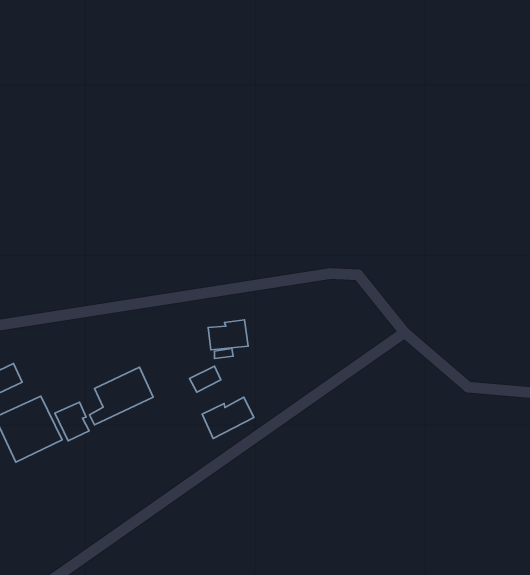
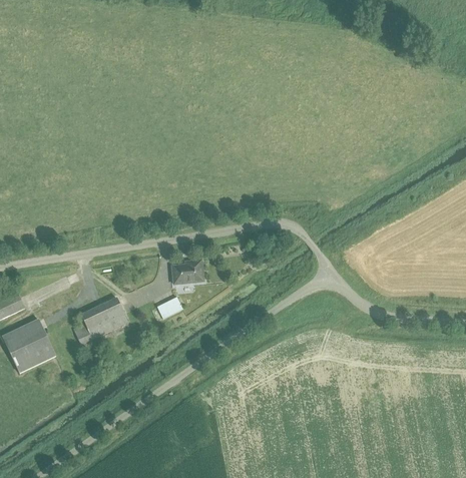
building: [202,397,254,438] -> none
building: [55,402,89,441] -> none

